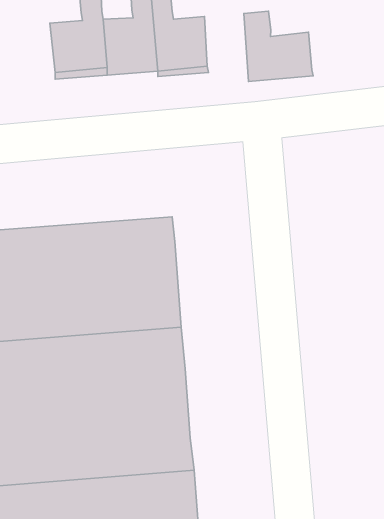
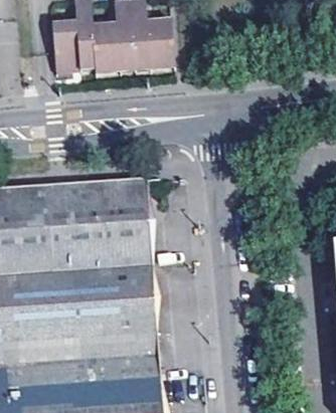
building: [244,11,313,82] -> none

